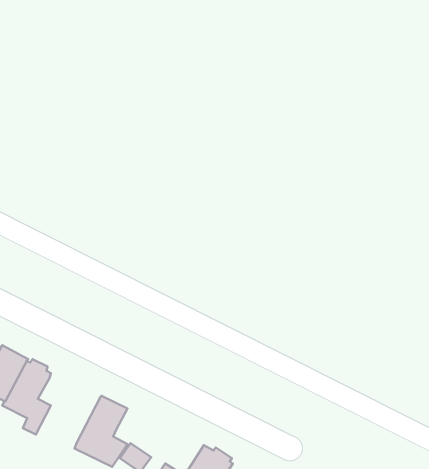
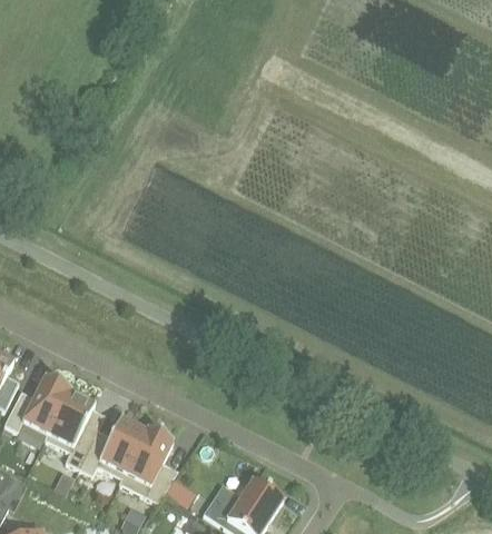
building: none -> [78,416,145,476]

